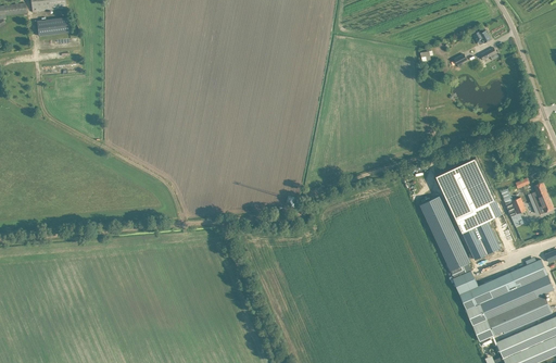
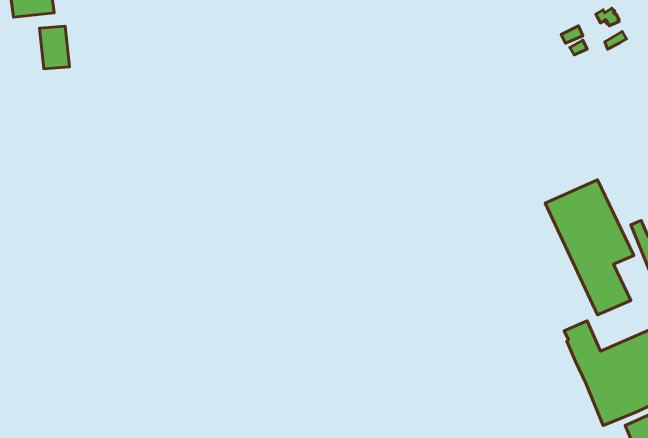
building: none -> [39,26,69,69]
building: [419,196,469,271] -> none

